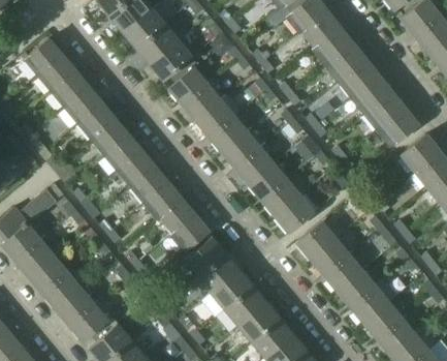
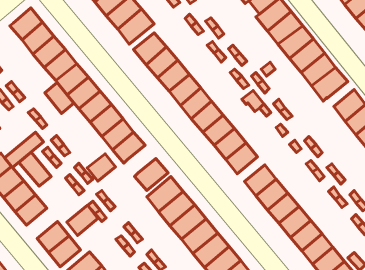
building: none -> [45,83,74,114]
building: [161,199,194,231] -> [87,154,116,181]
building: none -> [19,152,51,186]
building: [43,272,79,307] -> [67,205,98,235]

